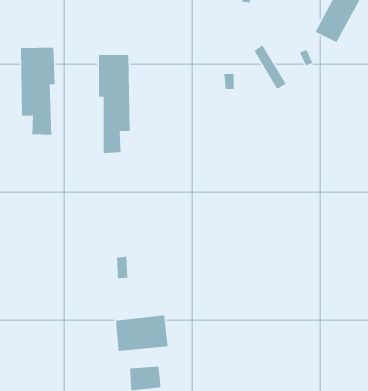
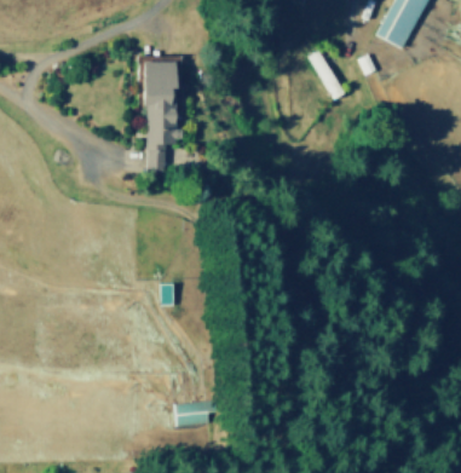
building: [20,47,55,135] -> none
building: [115,314,169,352] -> none

